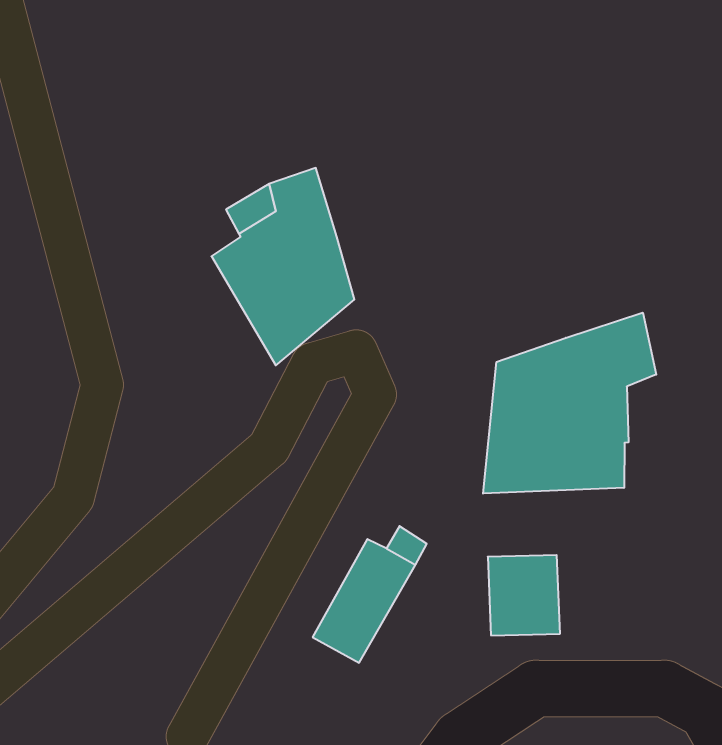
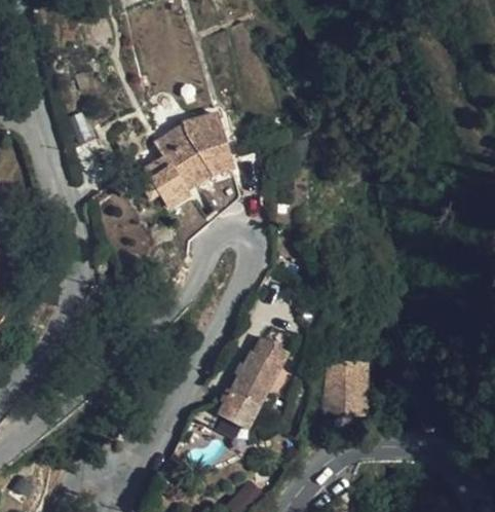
building: [483,313,656,494] -> none

